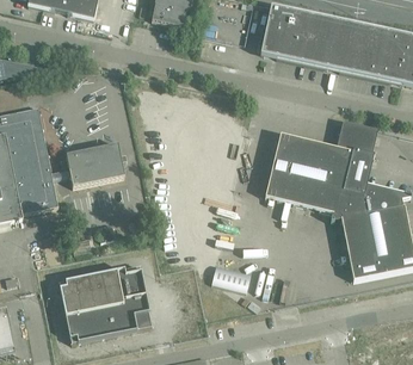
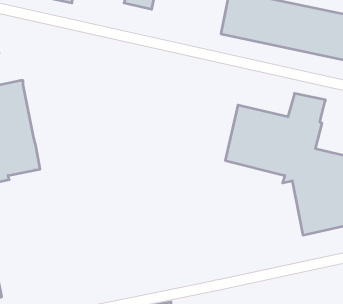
building: [66,140,127,185] -> none
building: [58,265,152,341] -> none

